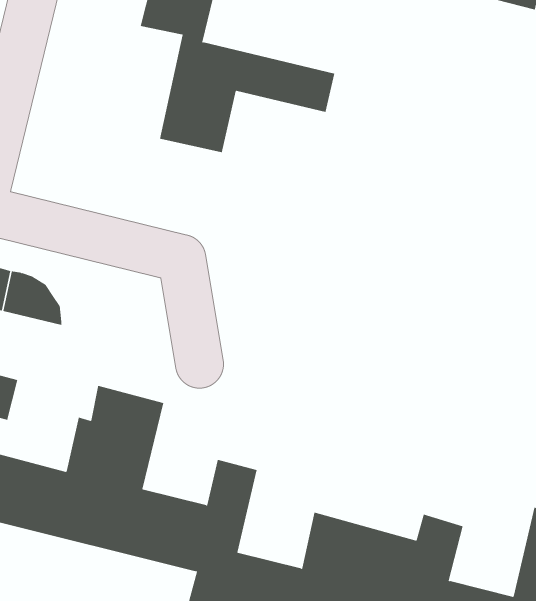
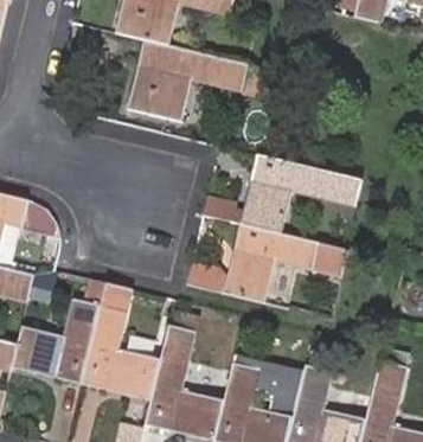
building: none -> [187,155,364,302]

